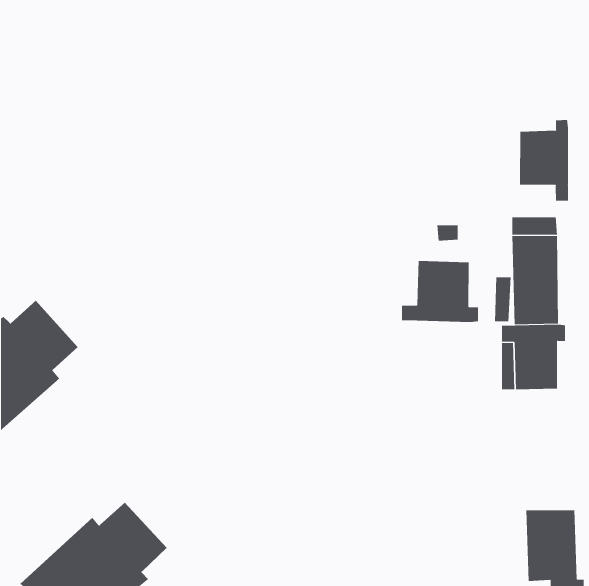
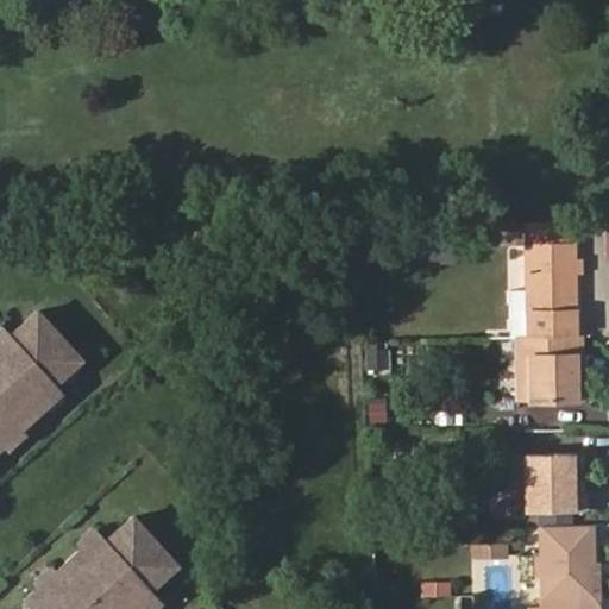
building: [520,119,569,202] -> none
building: [402,260,479,323] -> none
building: none -> [525,457,590,513]

